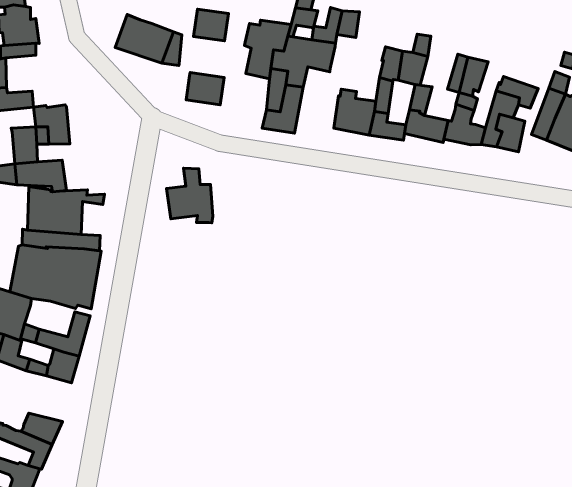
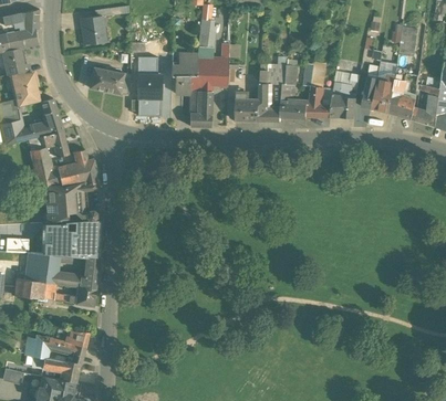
building: none -> [136,75,159,98]
building: none -> [39,98,61,135]
building: [166,168,213,223] -> [64,150,96,184]

